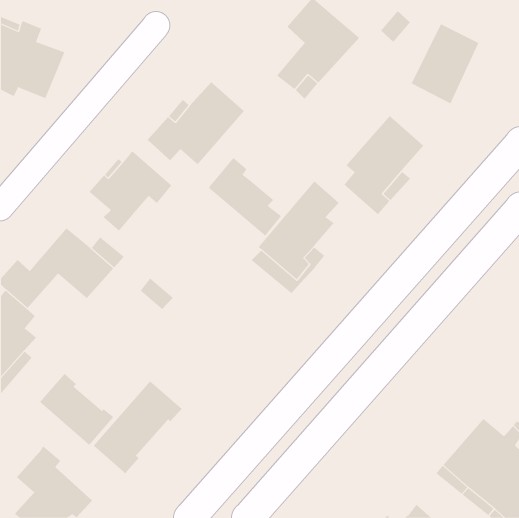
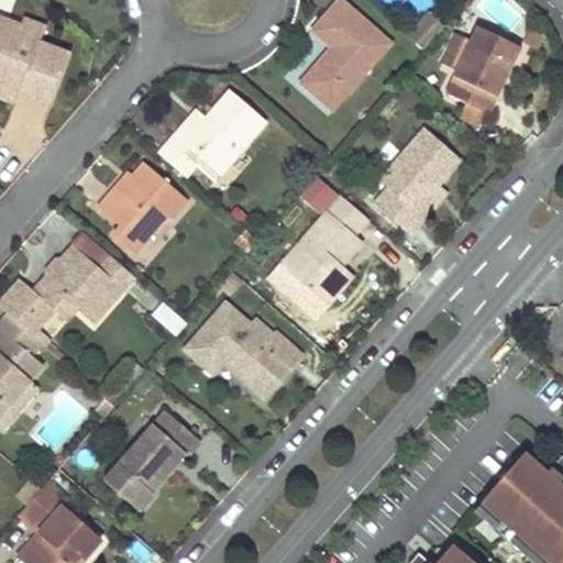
building: [208,157,282,236] -> none
building: none -> [183,299,305,400]
building: [39,373,114,446] -> none

